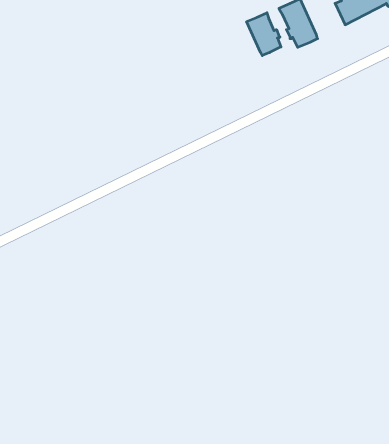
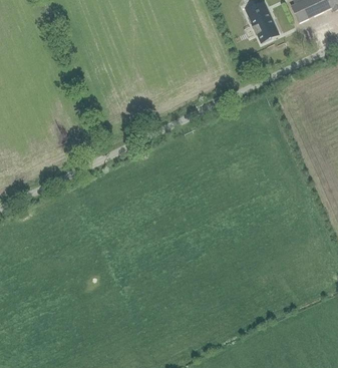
building: [247,13,281,56] -> none

